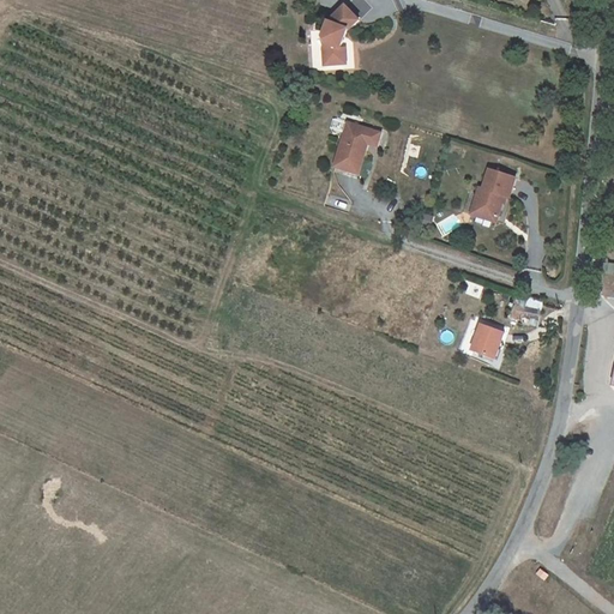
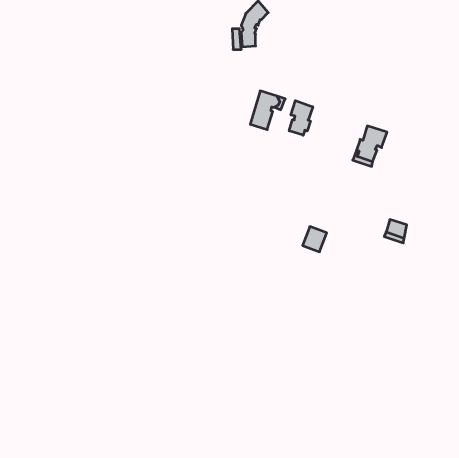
building: none -> [289,101,313,135]
building: [471,324,504,357] -> [303,227,327,252]

